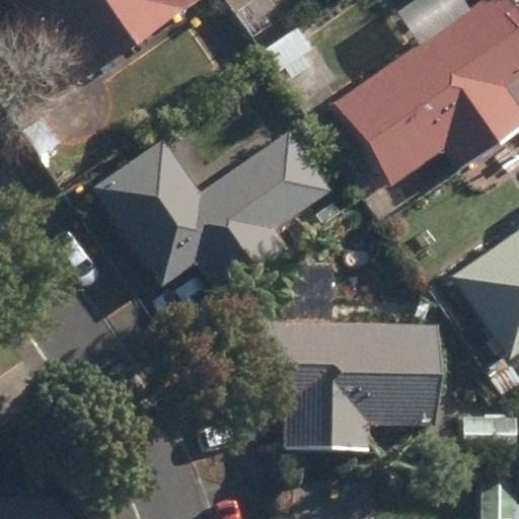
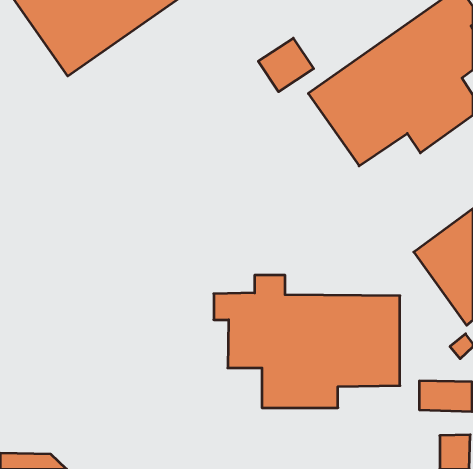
building: [95,132,331,294] -> none

